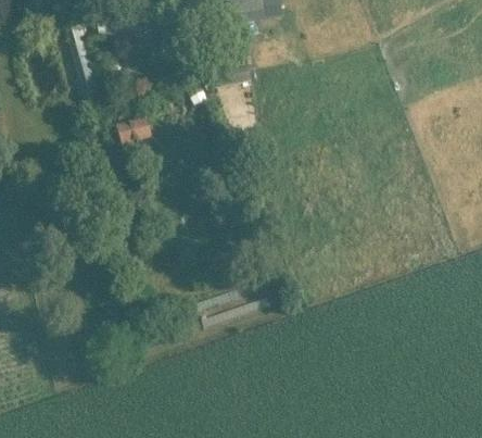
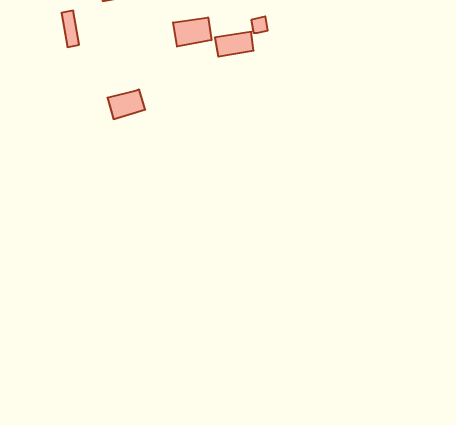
building: none -> [173,17,211,47]

